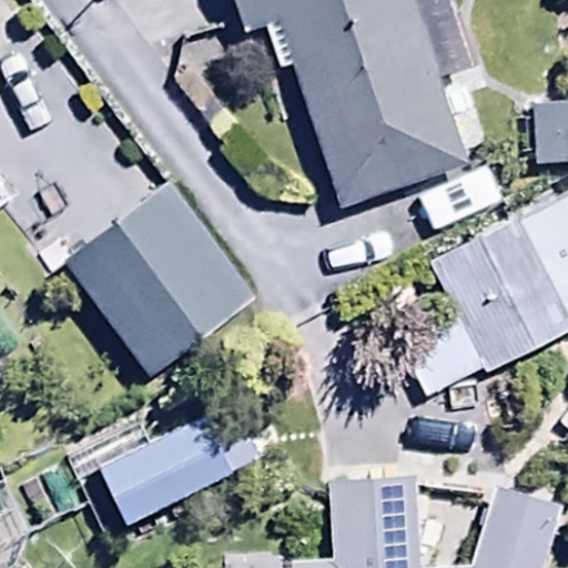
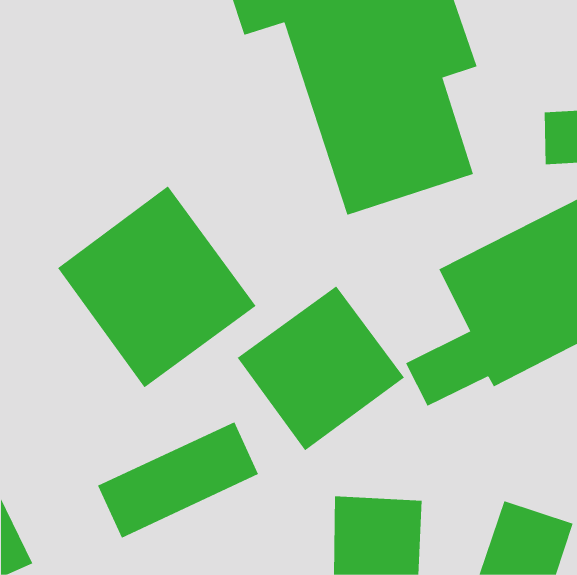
building: none -> [237,285,405,451]

